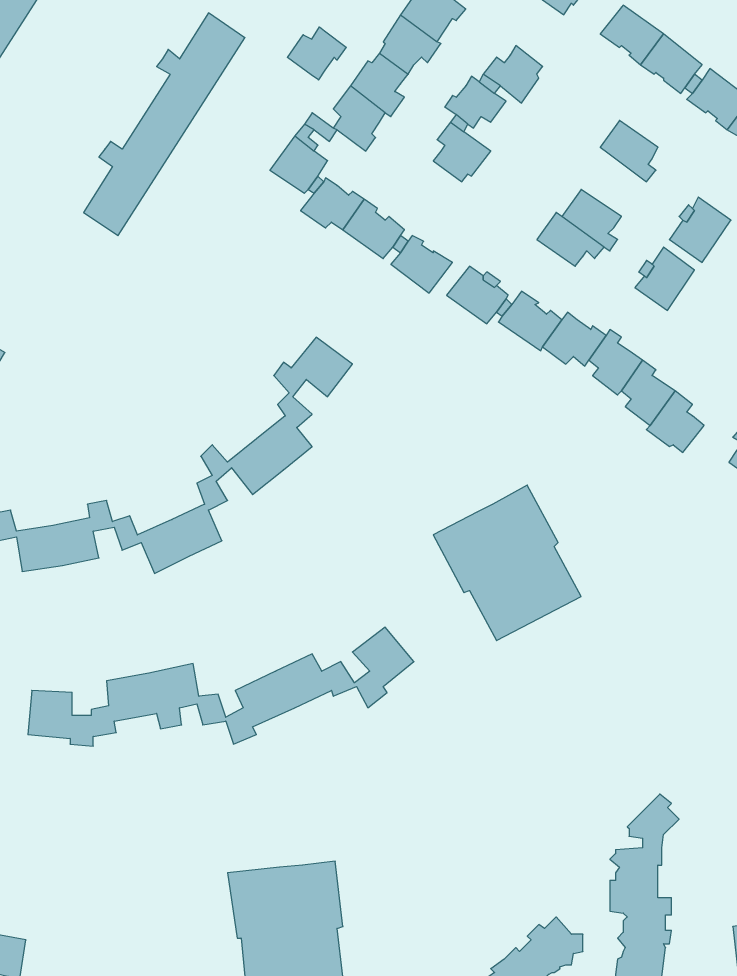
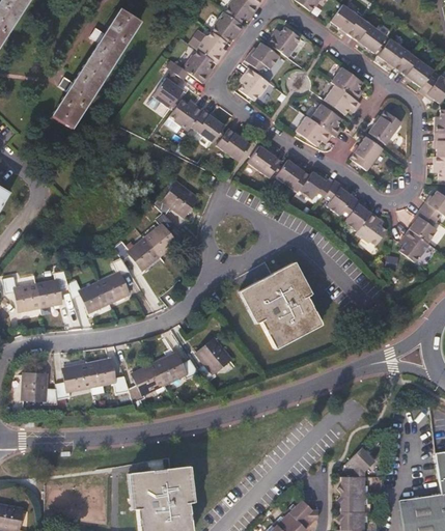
building: [287,27,346,80] -> none
building: none -> [325,84,360,114]

